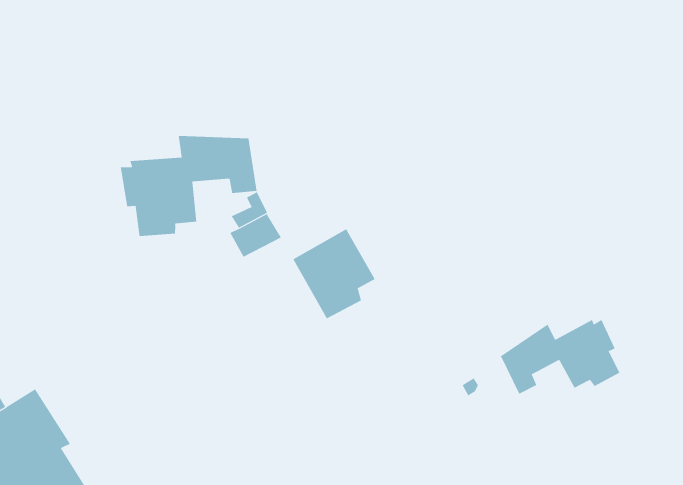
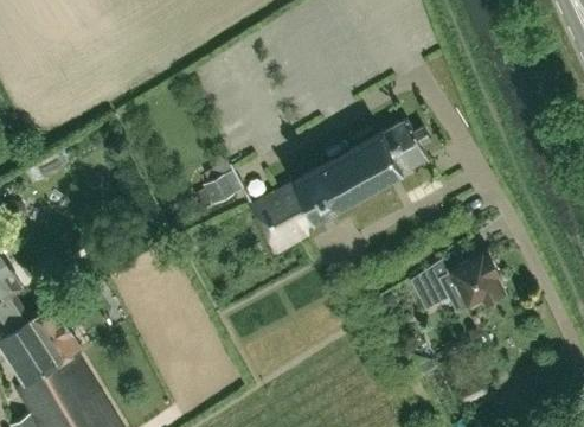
building: [120,135,257,237] -> none
building: none -> [293,121,430,223]

